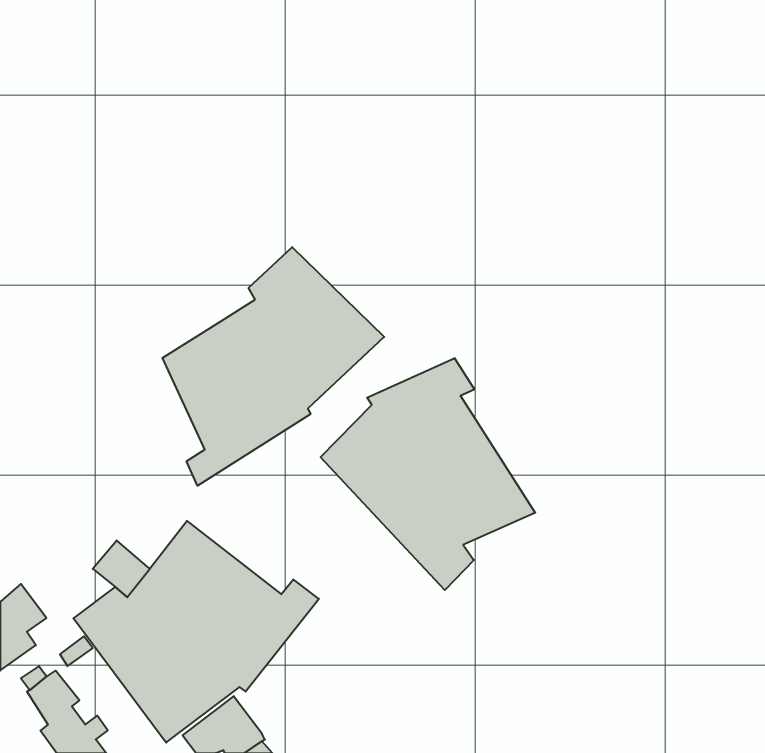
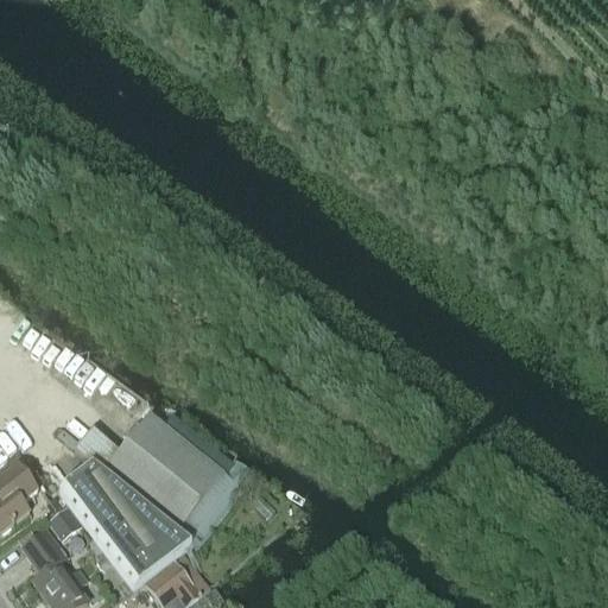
building: [162,247,384,486] -> none
building: [321,358,535,590] -> none

